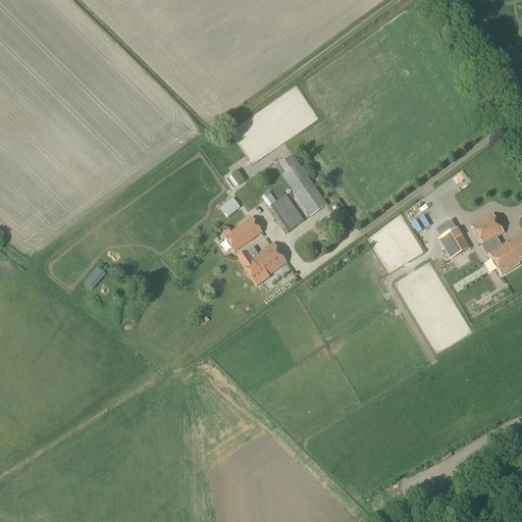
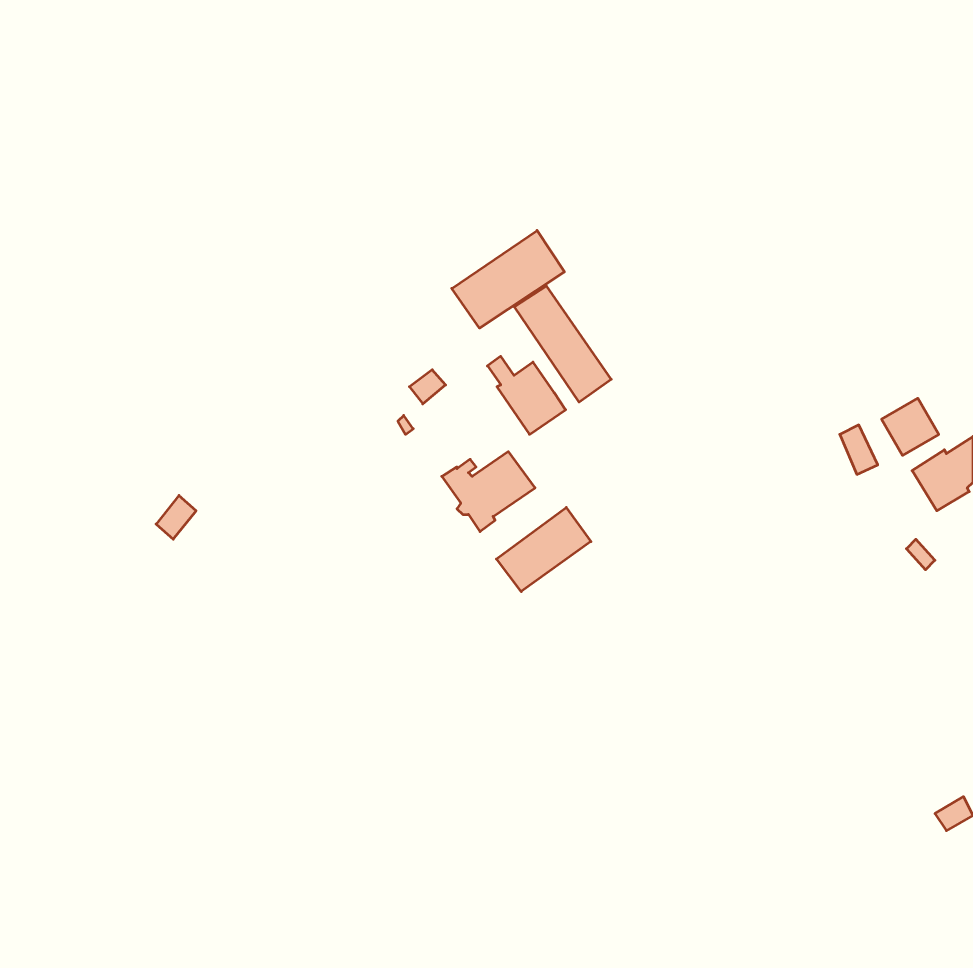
building: none -> [452,230,564,328]
building: [224,216,261,250] -> none
building: none -> [496,507,591,592]

